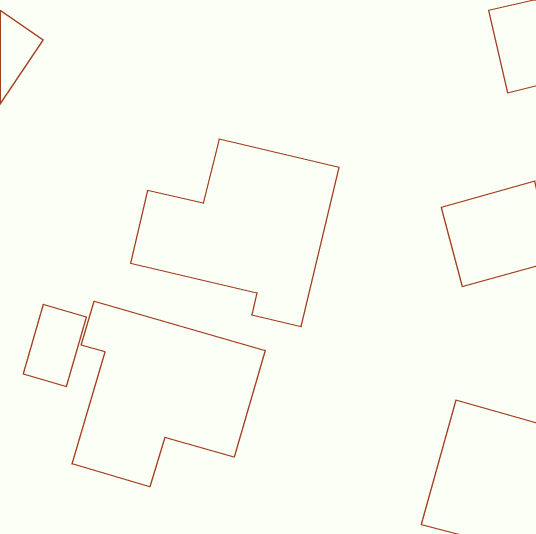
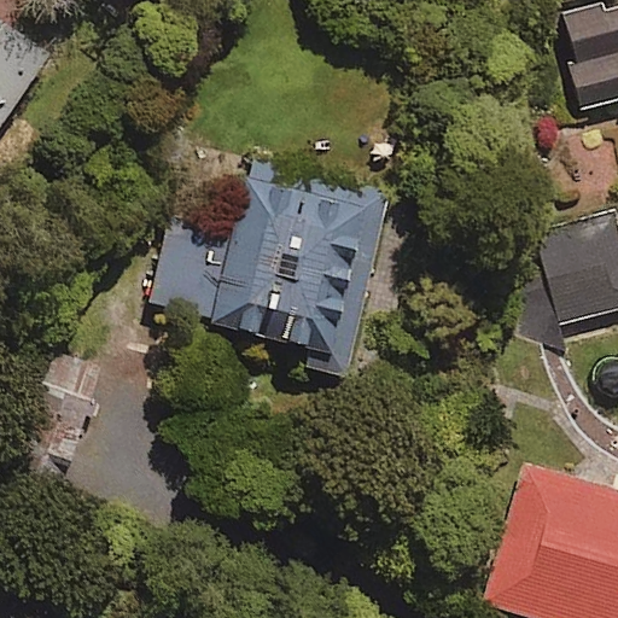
building: [72,301,265,487] -> none

